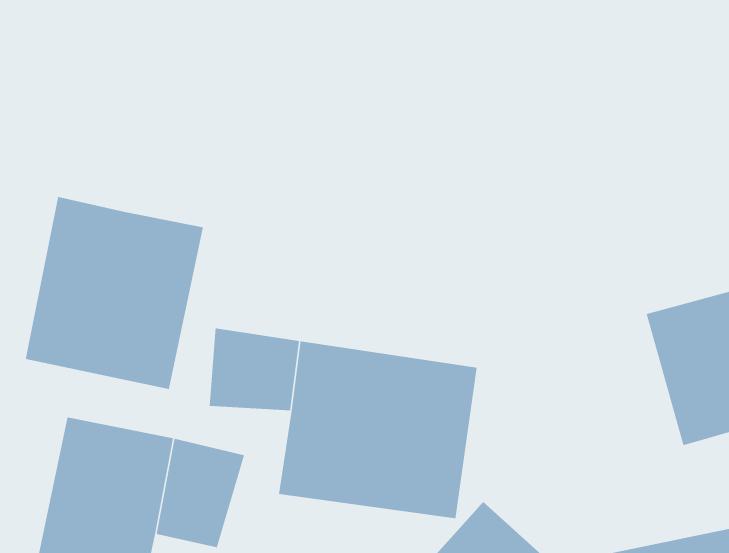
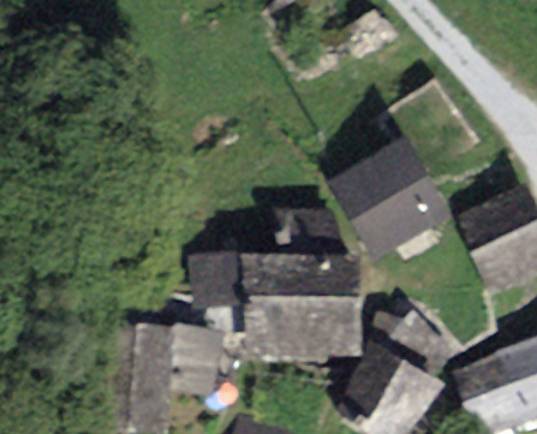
building: none -> [334,137,449,251]
building: [25,196,204,390] -> none

